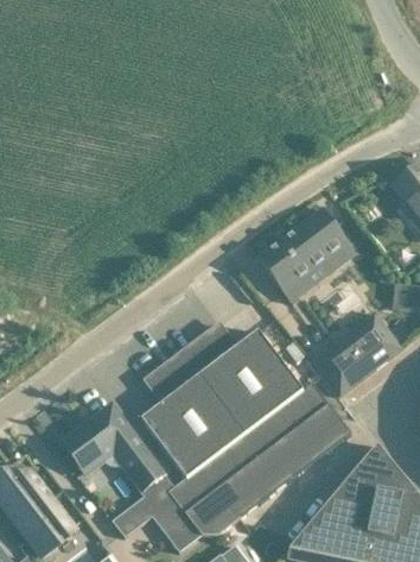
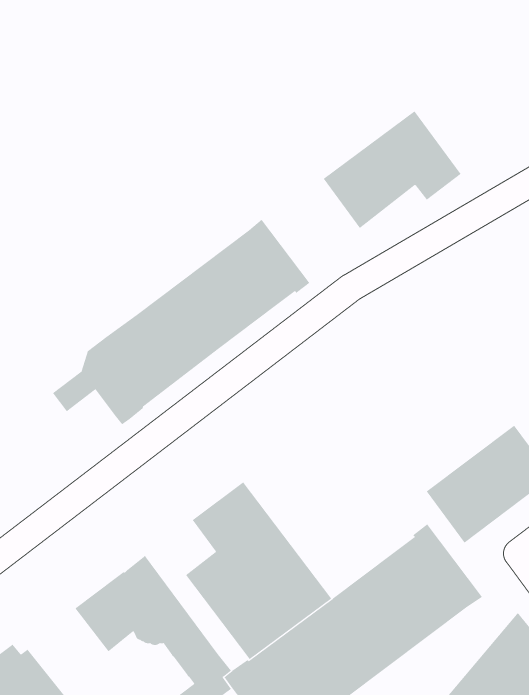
building: none -> [52,219,310,425]
building: [257,208,356,292] -> [323,110,462,229]
building: [183,323,304,435] -> none

